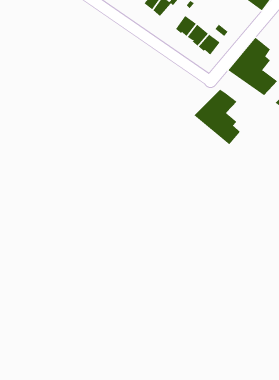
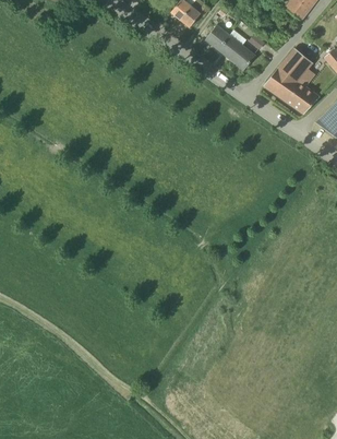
building: [193,89,240,145] -> none

